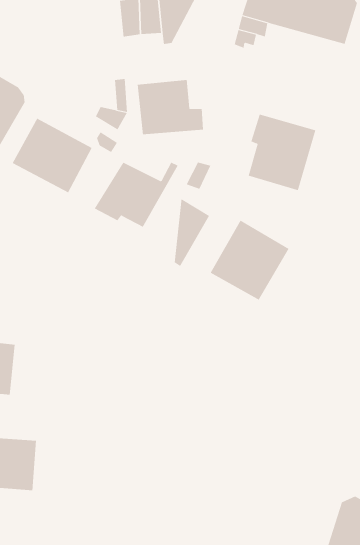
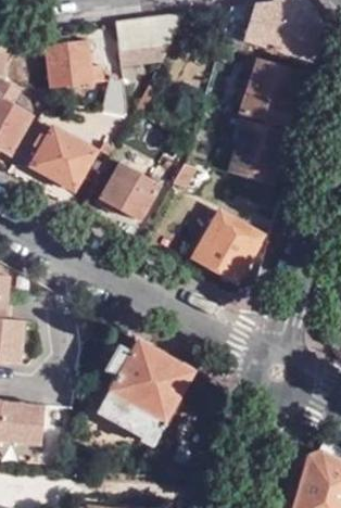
building: none -> [241,66,300,130]
building: [137,79,204,135] -> [45,43,102,91]
building: [174,198,210,267] -> none
building: none -> [98,342,192,444]

